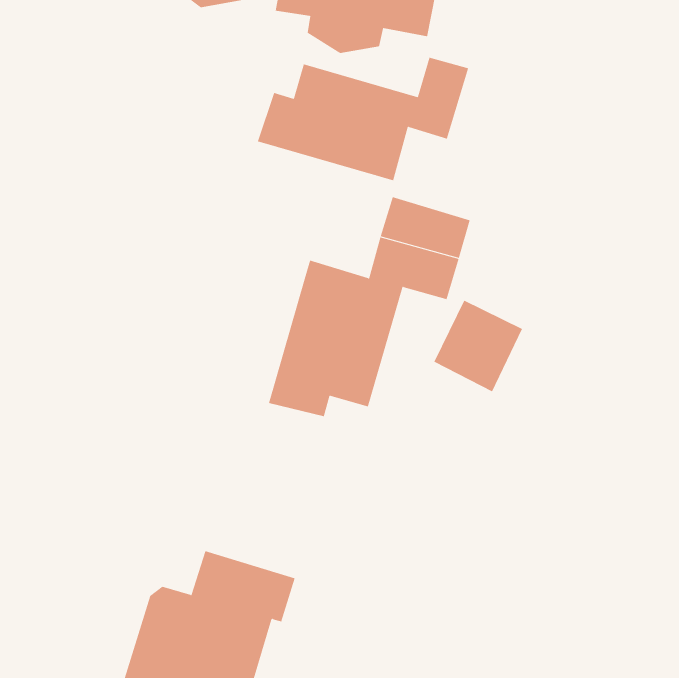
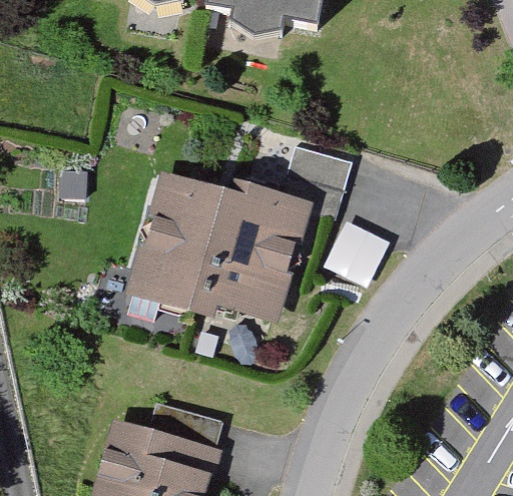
building: [257,57,469,181] -> none
building: none -> [127,185,229,321]

